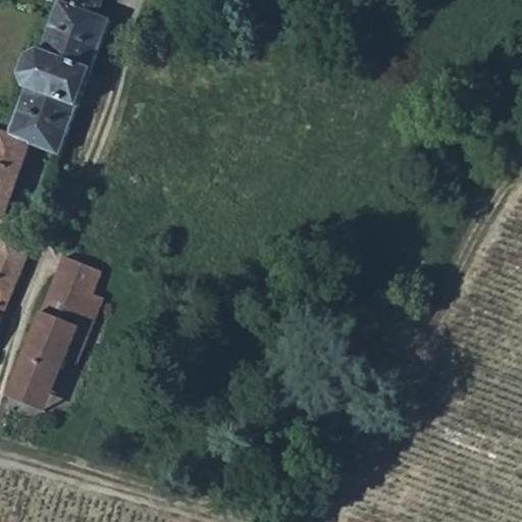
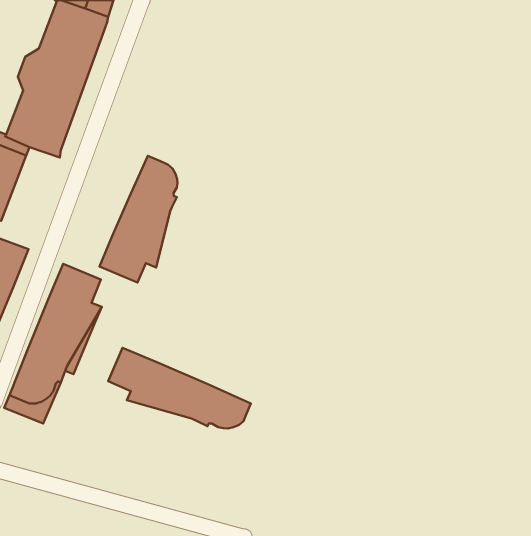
building: none -> [99,156,177,282]
building: none -> [108,348,251,428]

